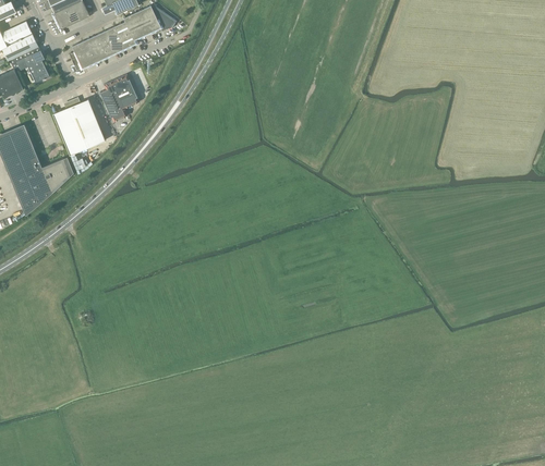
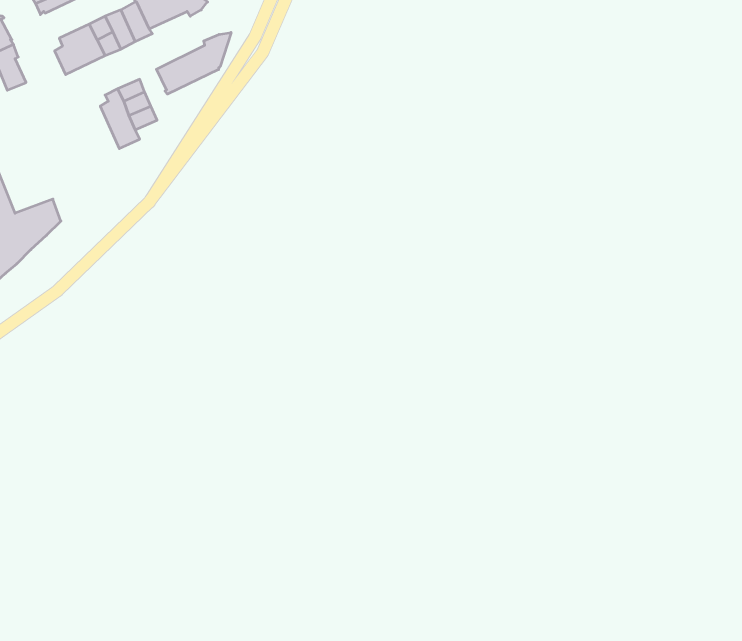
building: none -> [156,32,231,94]
building: [52,99,105,156] -> none

